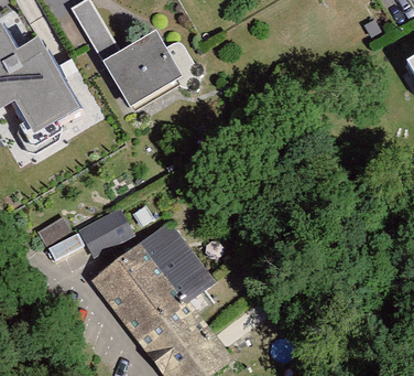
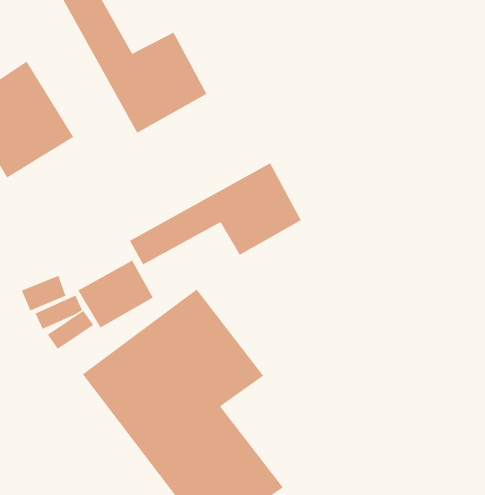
building: none -> [129,162,302,266]

